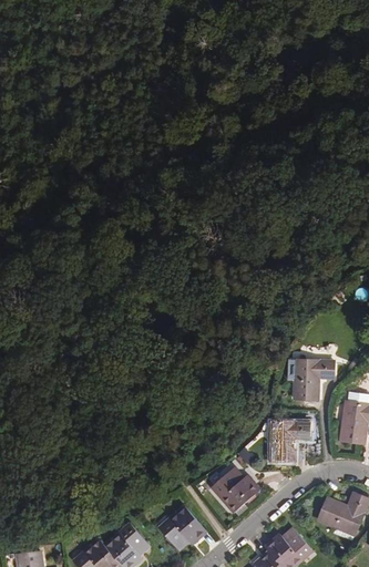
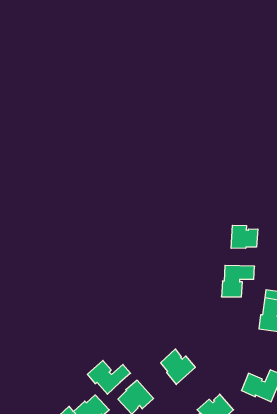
building: none -> [231,225,258,248]
building: [269,422,309,463] -> none
building: none -> [87,360,131,394]

